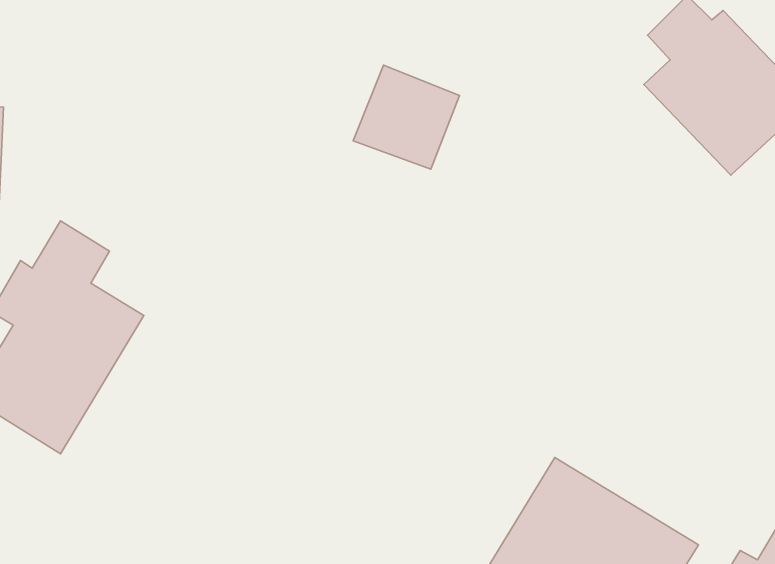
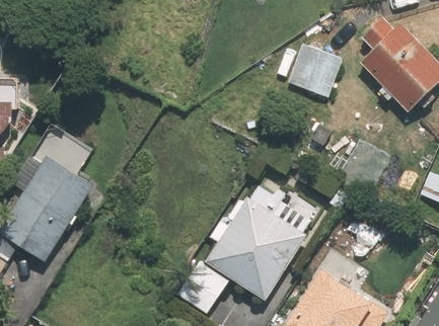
building: [353,65,459,169] -> [286,43,343,98]
building: none -> [205,180,305,301]

